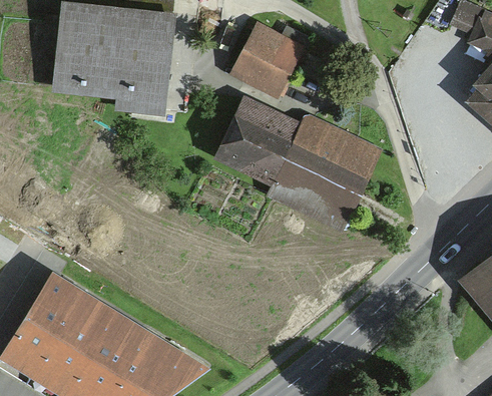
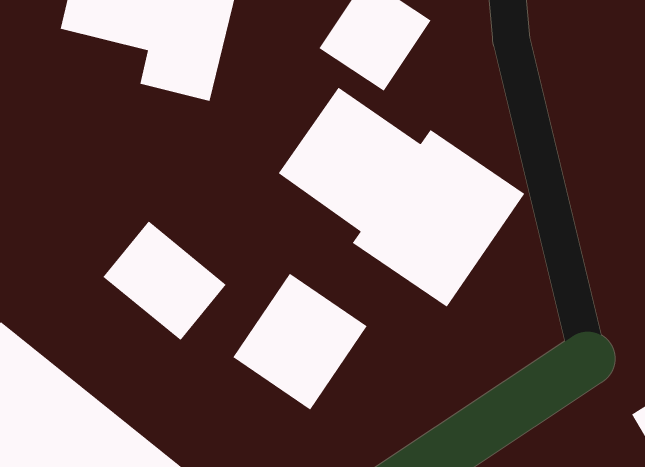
building: none -> [103,221,227,341]
building: none -> [233,273,367,410]

